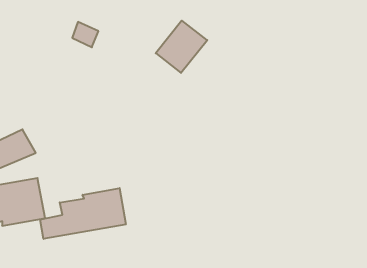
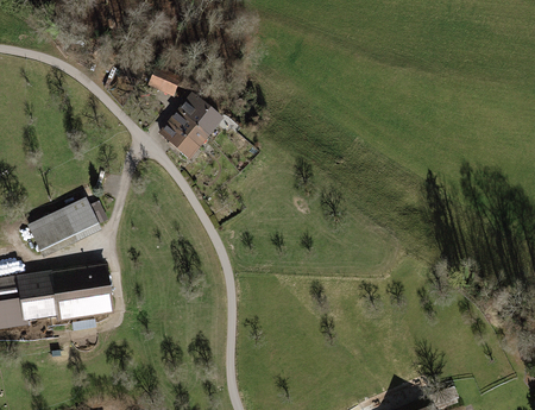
building: [156,21,207,73] -> [158,90,224,157]
building: [40,188,126,239] -> none

